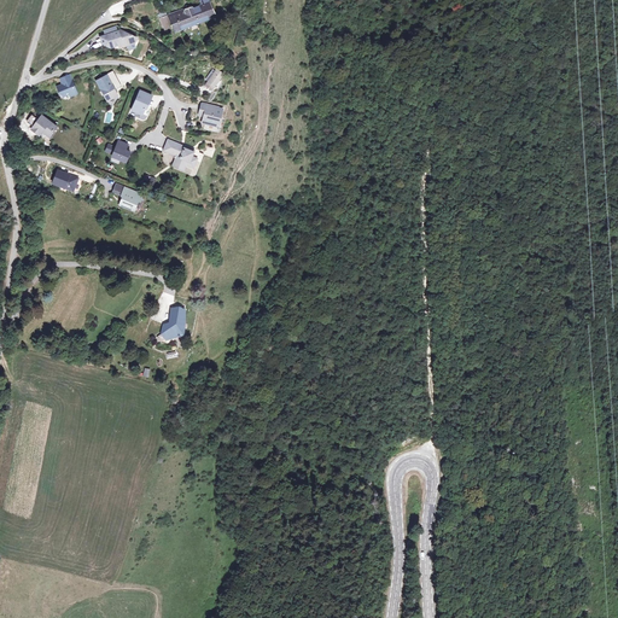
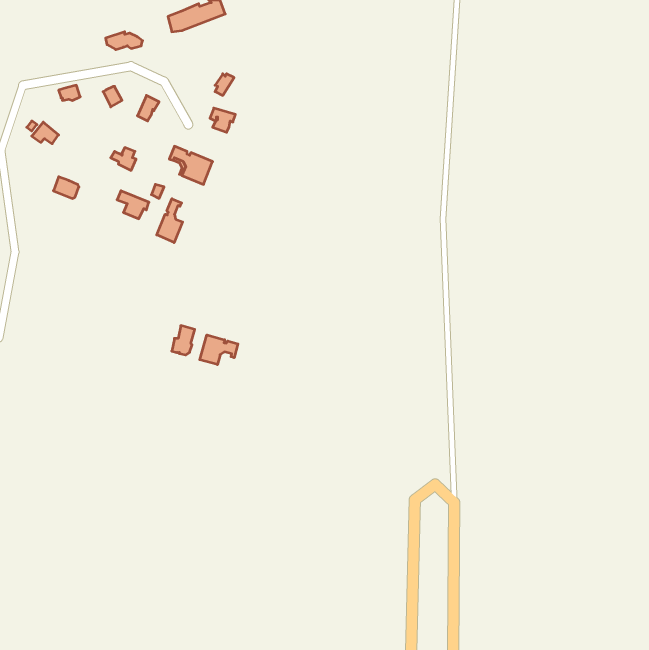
building: none -> [157,199,183,243]
building: none -> [200,335,238,365]

